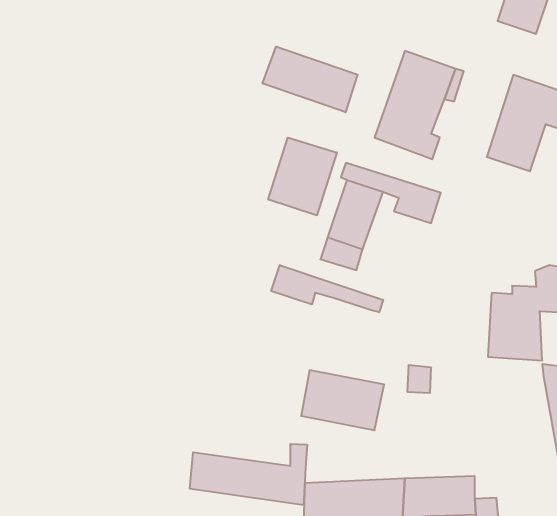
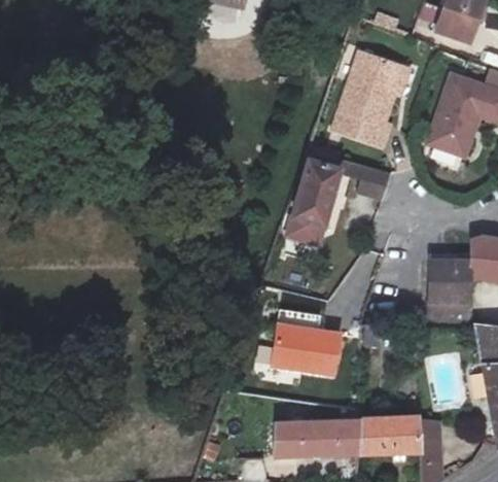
building: [263,47,358,112] -> none
building: [268,138,337,215] -> none
building: [271,265,383,312] -> none
building: [190,444,307,505] -> none

